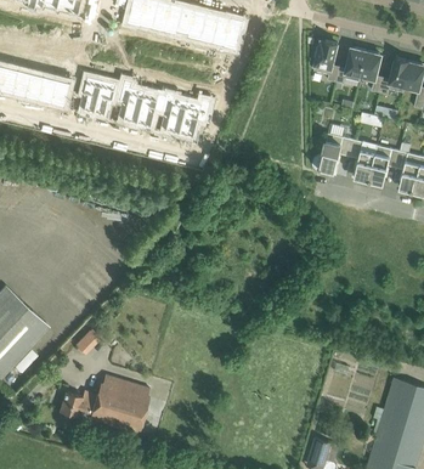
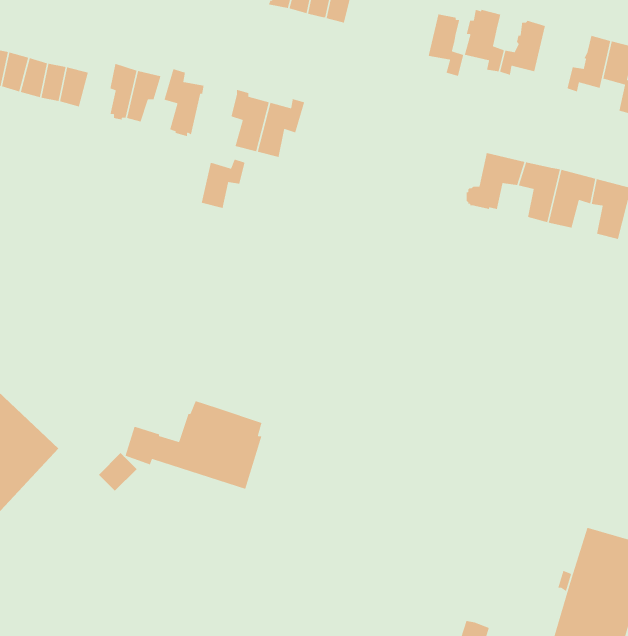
building: [360,51,384,92] -> [427,13,464,77]
building: [136,94,165,126] -> [201,159,245,209]
building: [60,374,149,433] -> [124,400,262,490]

